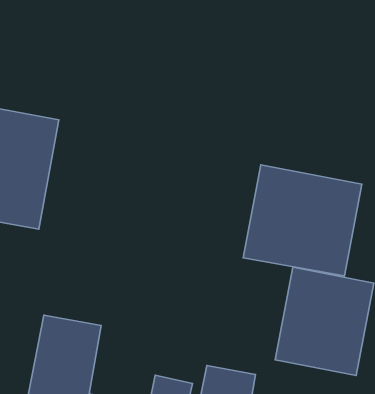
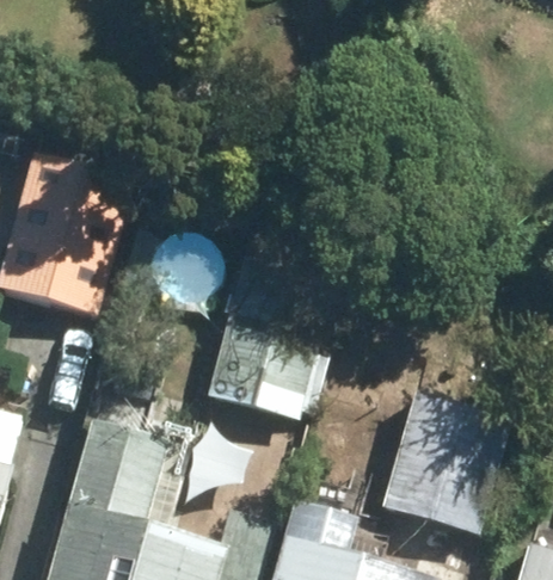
building: [243,165,362,276] -> none
building: none -> [210,263,333,420]

